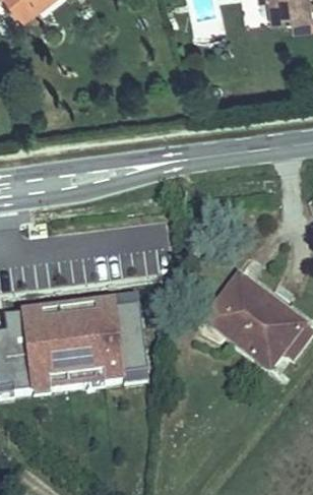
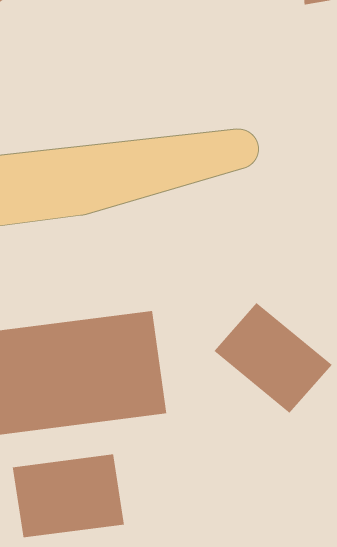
building: none -> [12,454,125,538]

